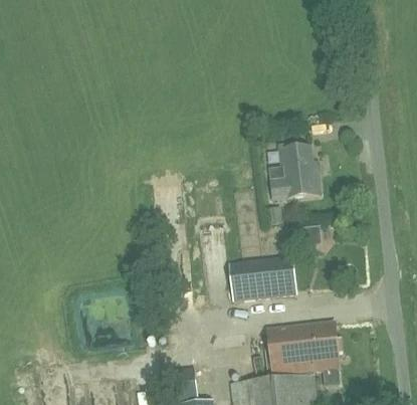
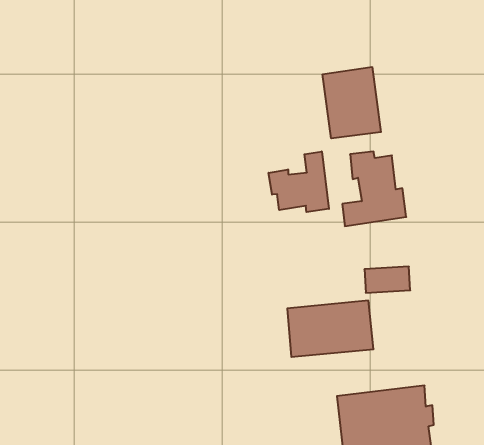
building: none -> [323,67,381,138]
building: none -> [269,151,329,212]

